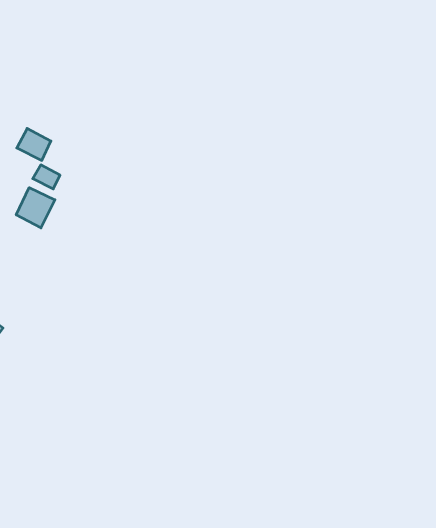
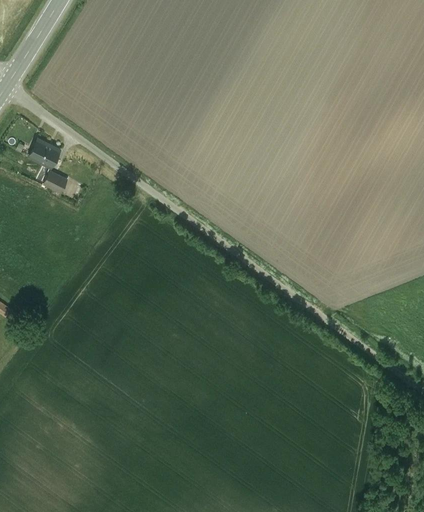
building: [16,188,55,228] -> none

